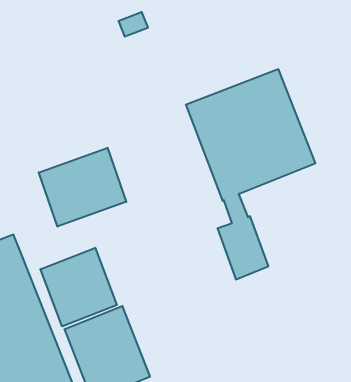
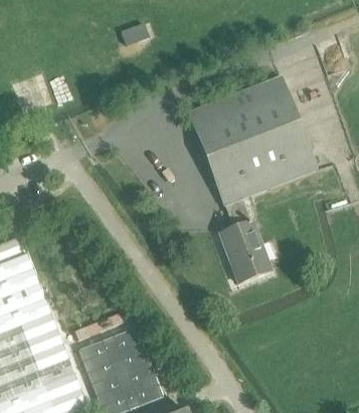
building: [39,148,126,227] -> none
building: [40,248,117,326] -> none

